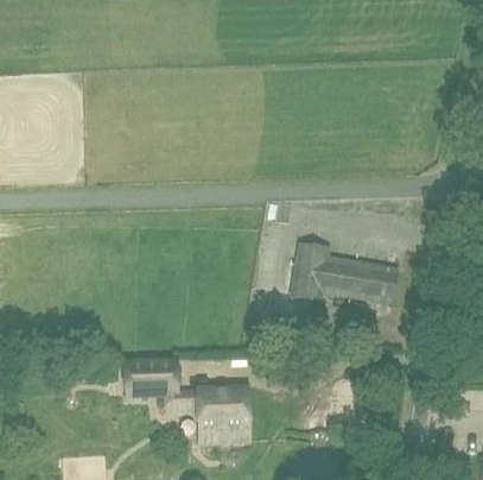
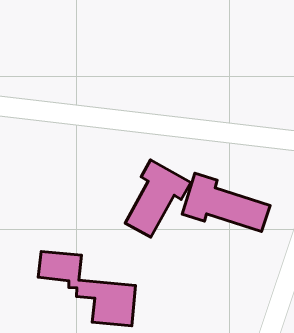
building: none -> [125,160,191,237]

